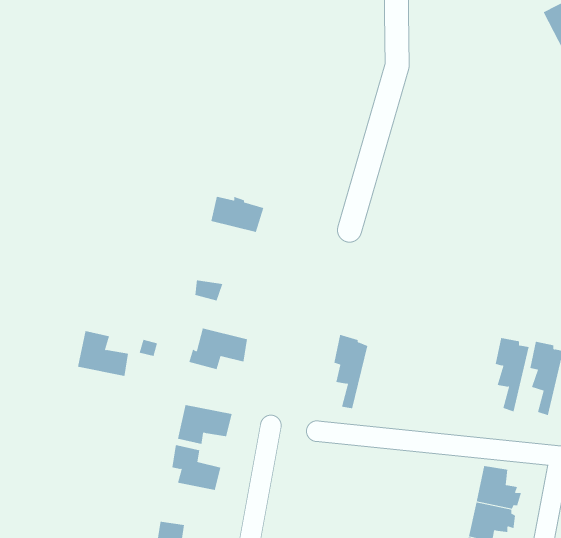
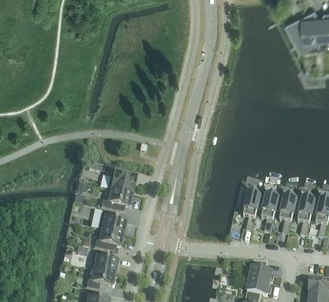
building: [210,196,264,233] -> [107,175,135,194]
building: [77,330,129,376] -> [98,209,125,233]
building: [334,334,368,409] -> [242,191,260,230]
building: none -> [86,269,114,289]

